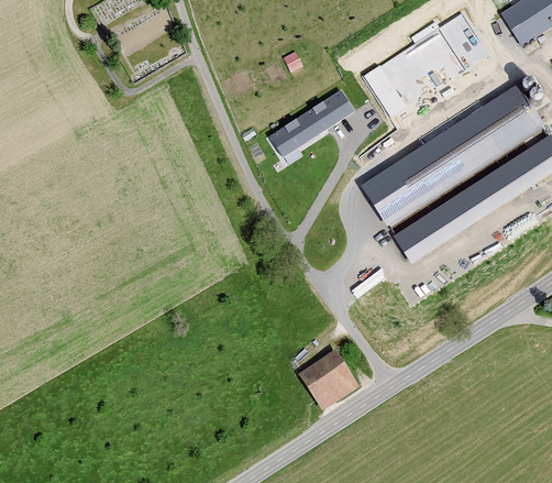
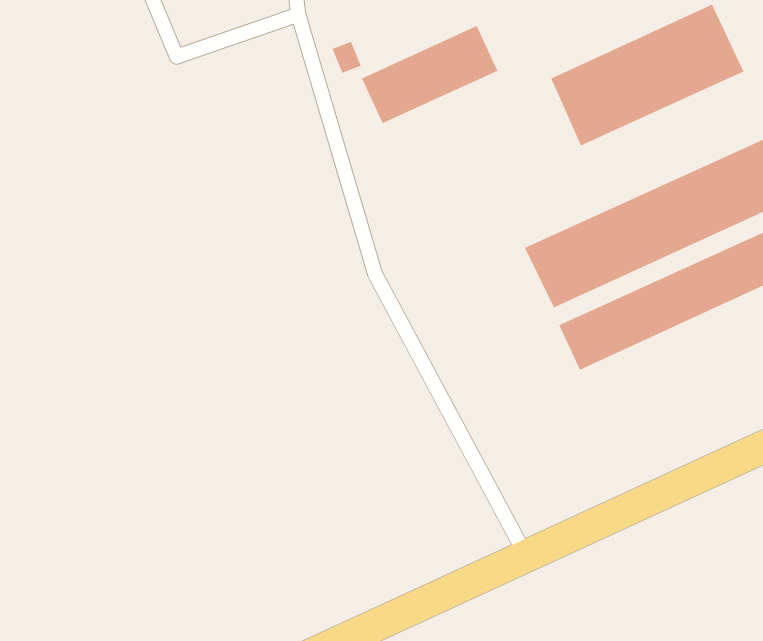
building: [269,84,356,155] -> [361,25,498,124]
building: [294,350,354,411] -> none

